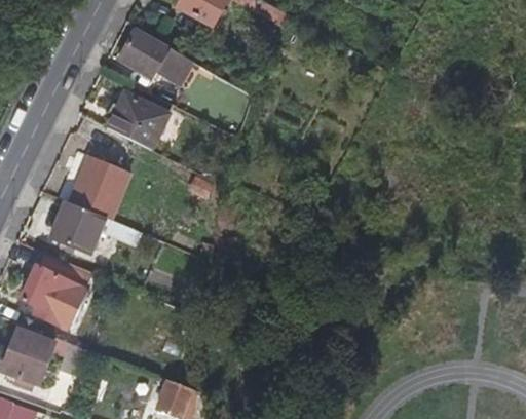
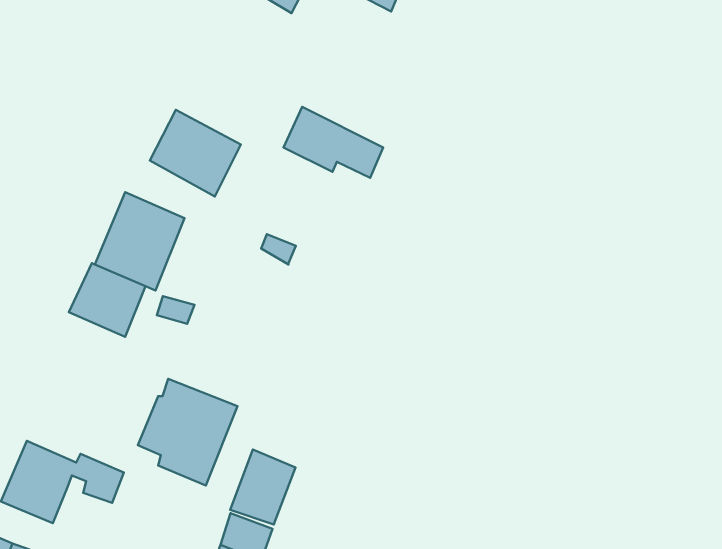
building: [118,29,189,79] -> [283,107,383,178]
building: [22,252,92,328] -> [138,379,238,486]
building: none -> [230,450,296,525]

